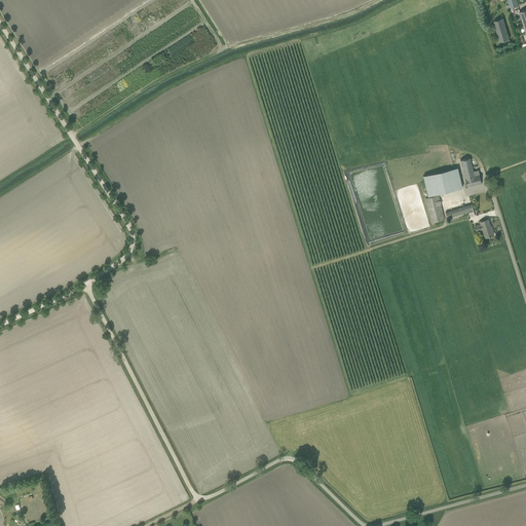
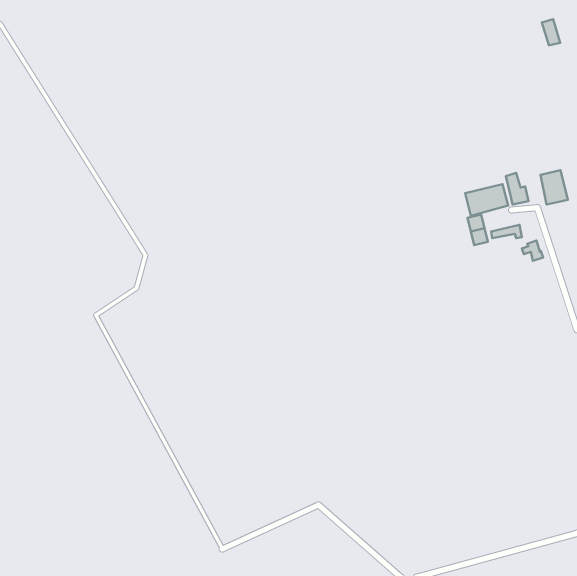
building: none -> [540,170,568,205]

